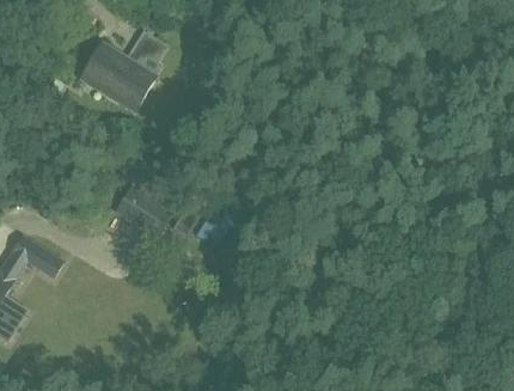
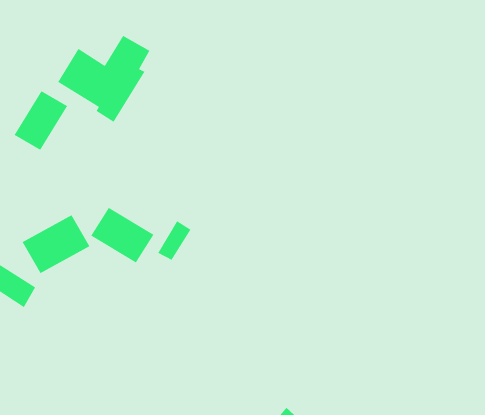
building: none -> [13,90,68,151]
building: none -> [21,214,91,274]

